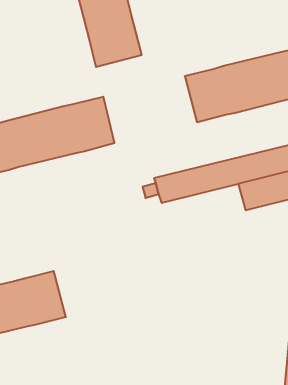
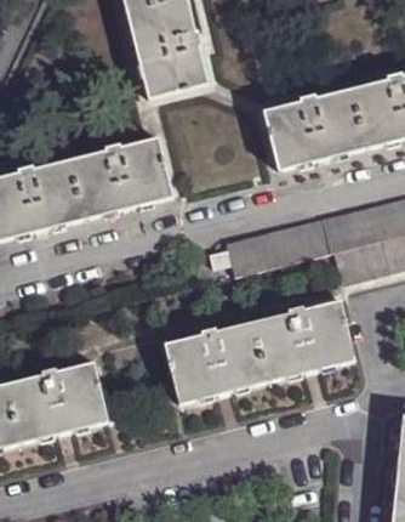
building: none -> [165,300,355,403]

